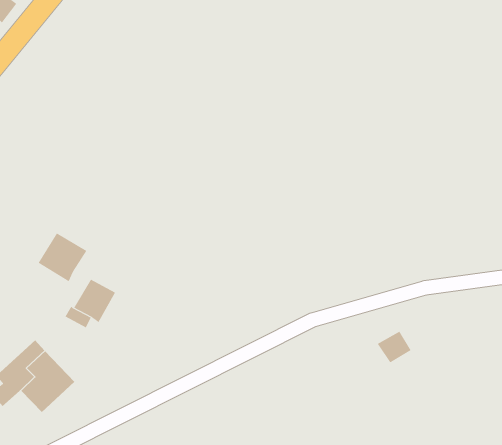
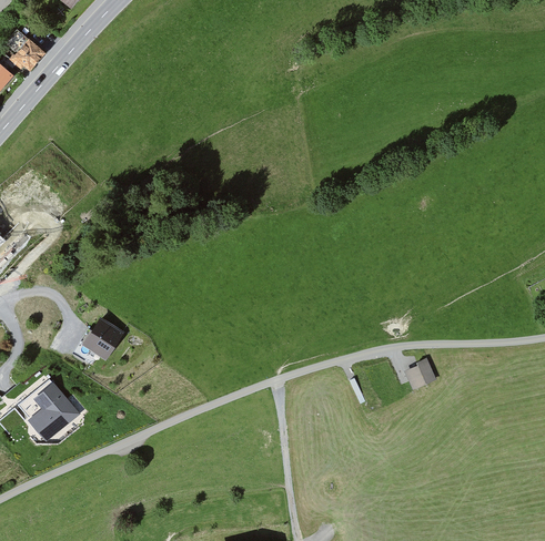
building: [38,233,87,282] -> none
building: [377,331,411,363] -> [401,358,433,388]

